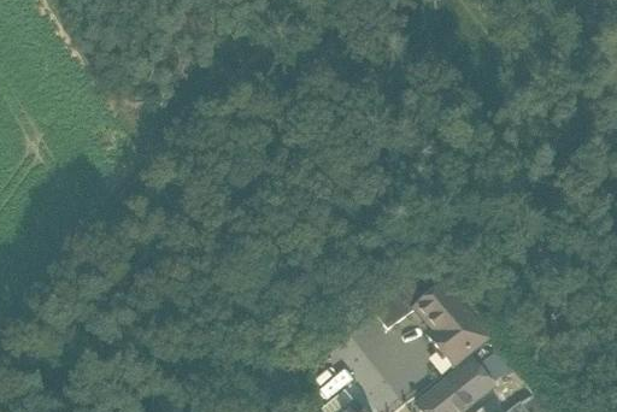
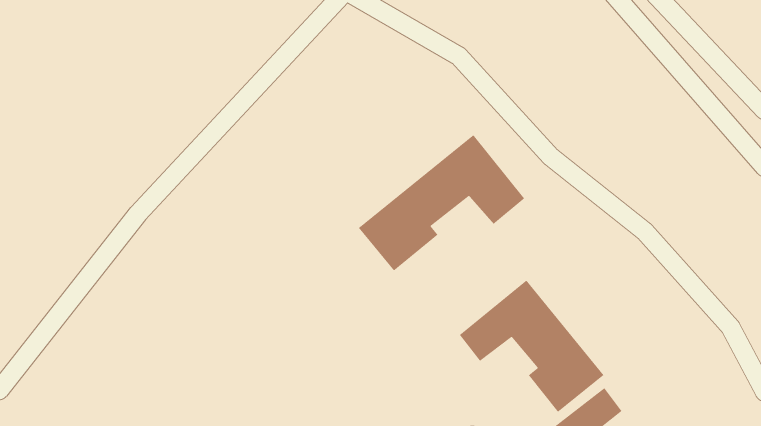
building: none -> [358,134,525,271]

